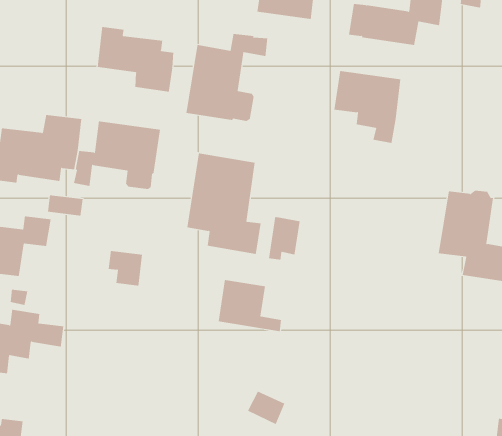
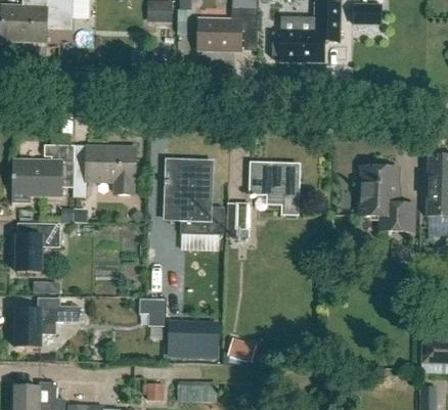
building: [97,26,174,92] -> none
building: [186,33,268,122] -> none
building: [334,71,401,144] -> [250,164,299,215]
building: [108,251,143,286] -> [136,298,162,322]
building: [218,280,282,332] -> [170,322,219,357]

